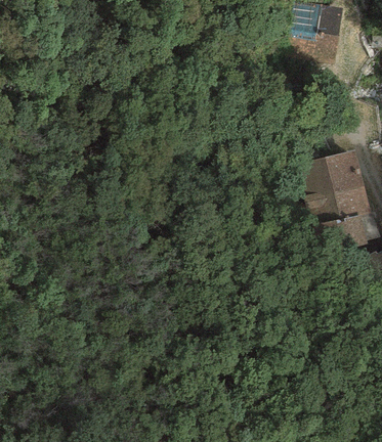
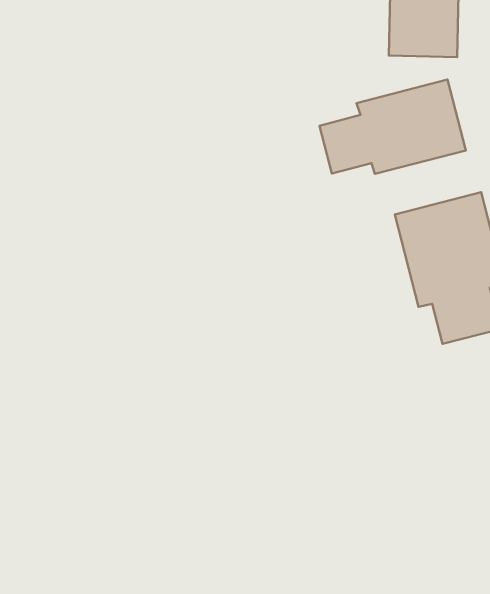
building: none -> [320,80,466,174]

